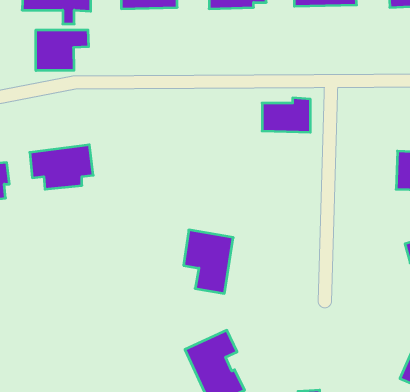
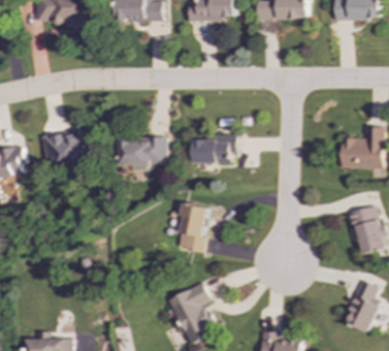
building: [36,30,89,71] -> none
building: [262,98,310,132] -> [192,135,231,163]
building: none -> [119,136,166,165]

